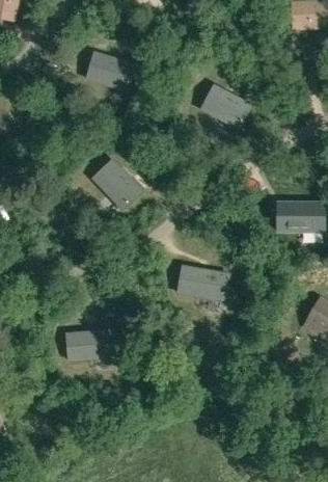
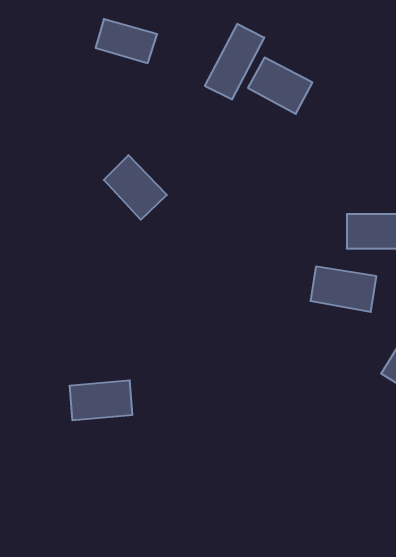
building: none -> [205,24,264,100]
building: [177,266,227,300] -> [310,267,376,312]

